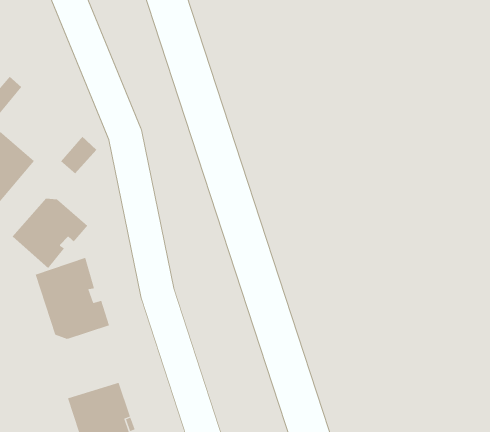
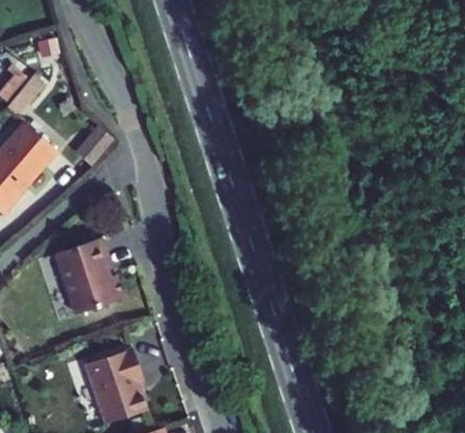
building: [12,198,88,269] -> none

